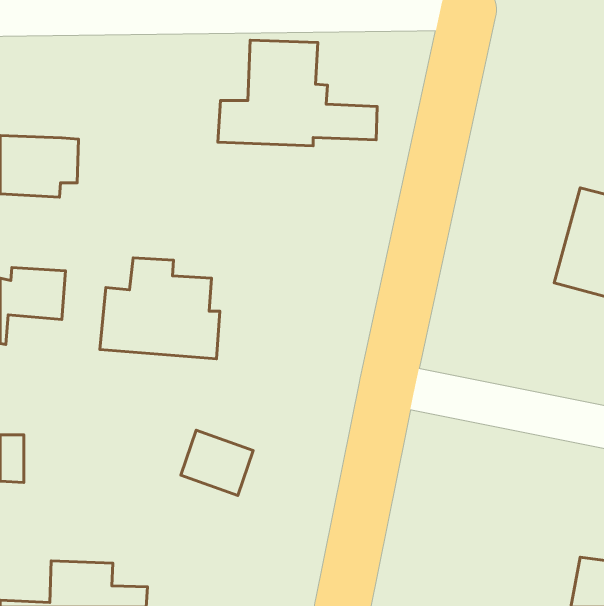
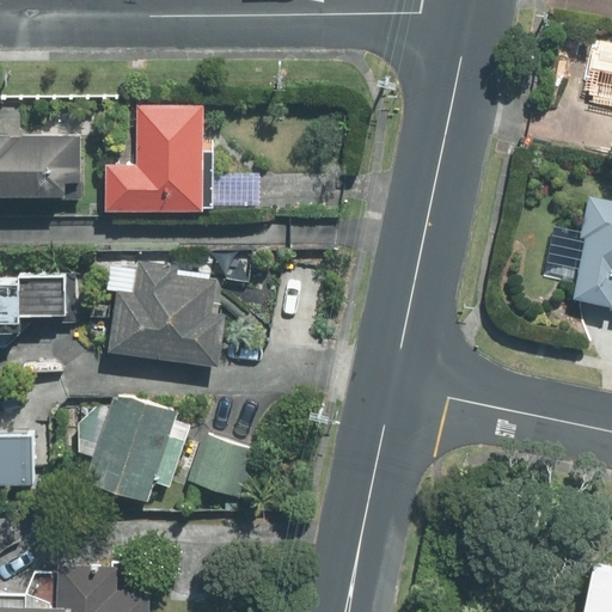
building: [218,40,377,146] -> [102,106,262,213]
building: none -> [79,390,192,504]

